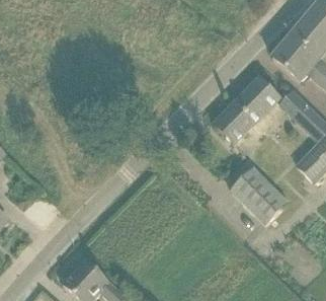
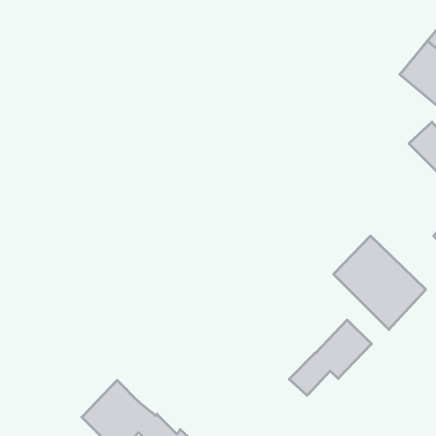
building: [213,75,280,143] -> none
building: none -> [289,320,372,395]

